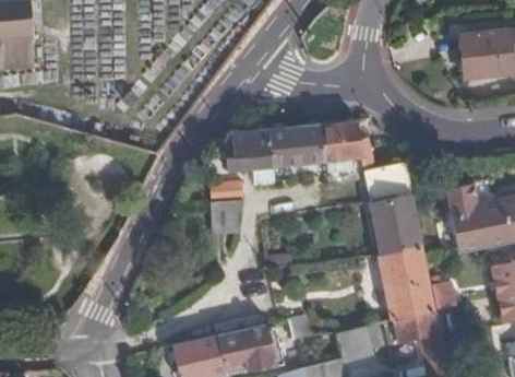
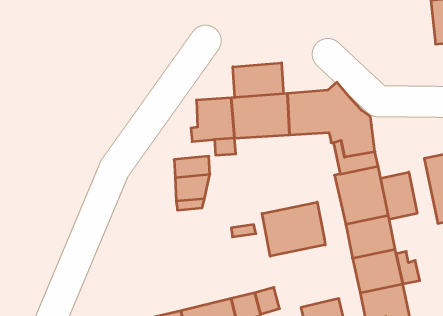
building: none -> [233,63,283,98]
building: none -> [381,172,417,219]
building: none -> [262,202,325,256]

